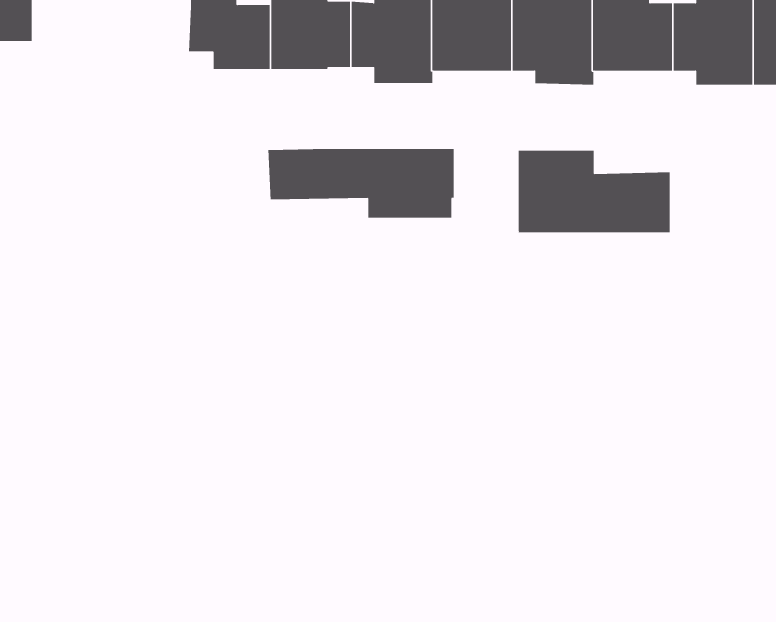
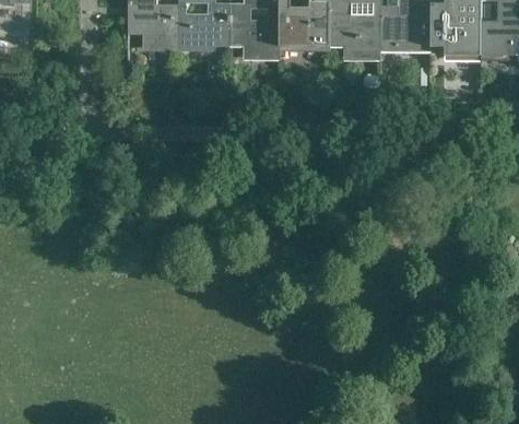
building: [268,148,454,218] -> none
building: [518,150,670,233] -> none

